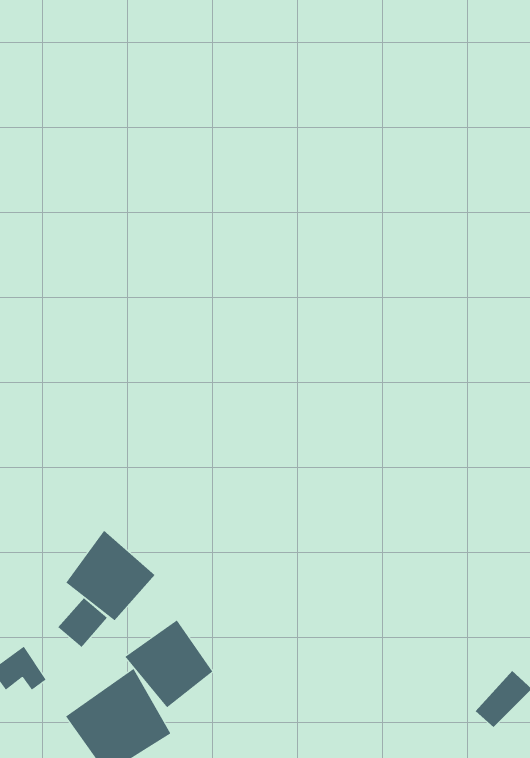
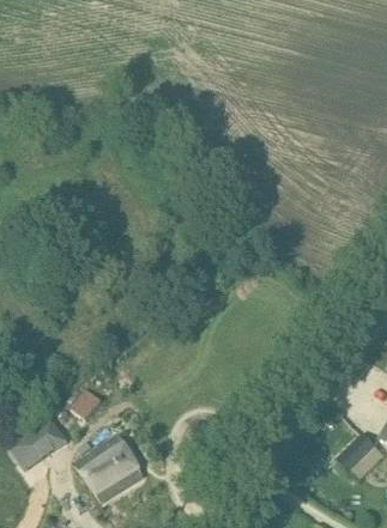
building: [65,530,155,621] -> none
building: [124,620,213,708] -> none

